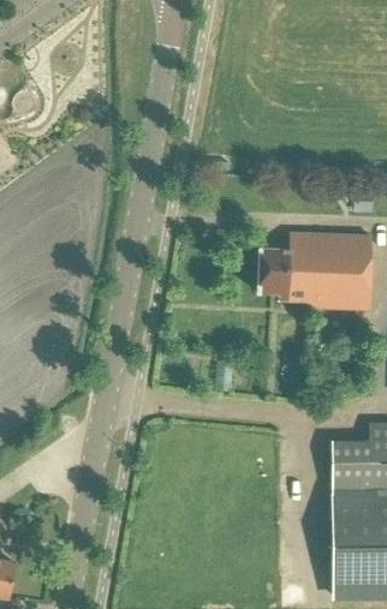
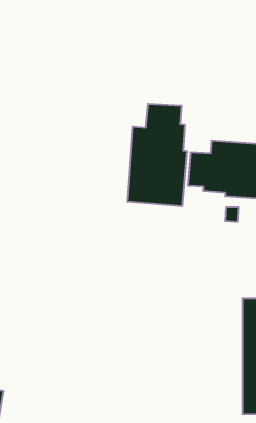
building: none -> [127,104,187,206]

